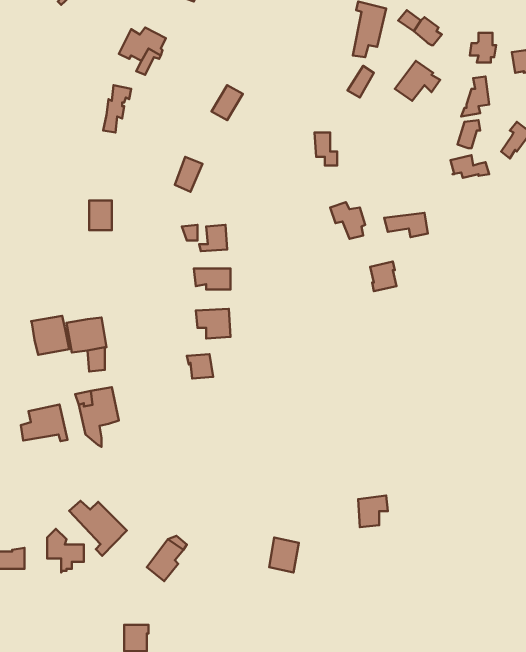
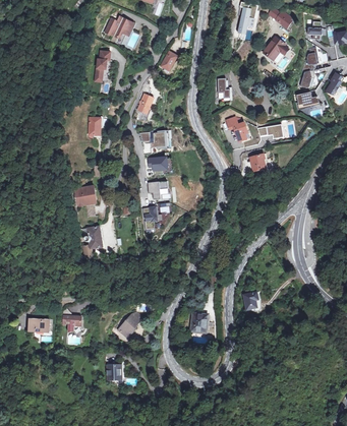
building: [31,316,69,355] -> none
building: [21,405,68,441] -> none
building: [69,501,127,556] -> none

